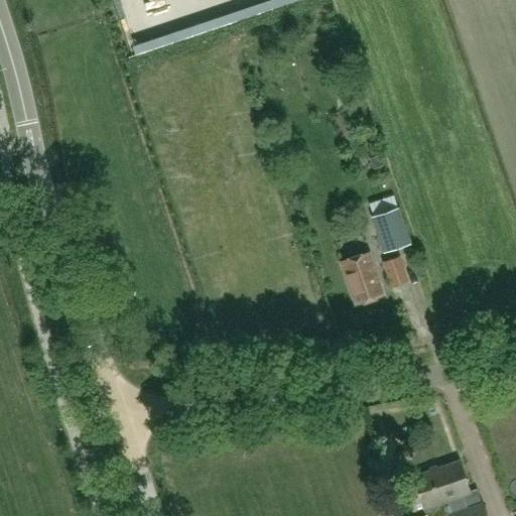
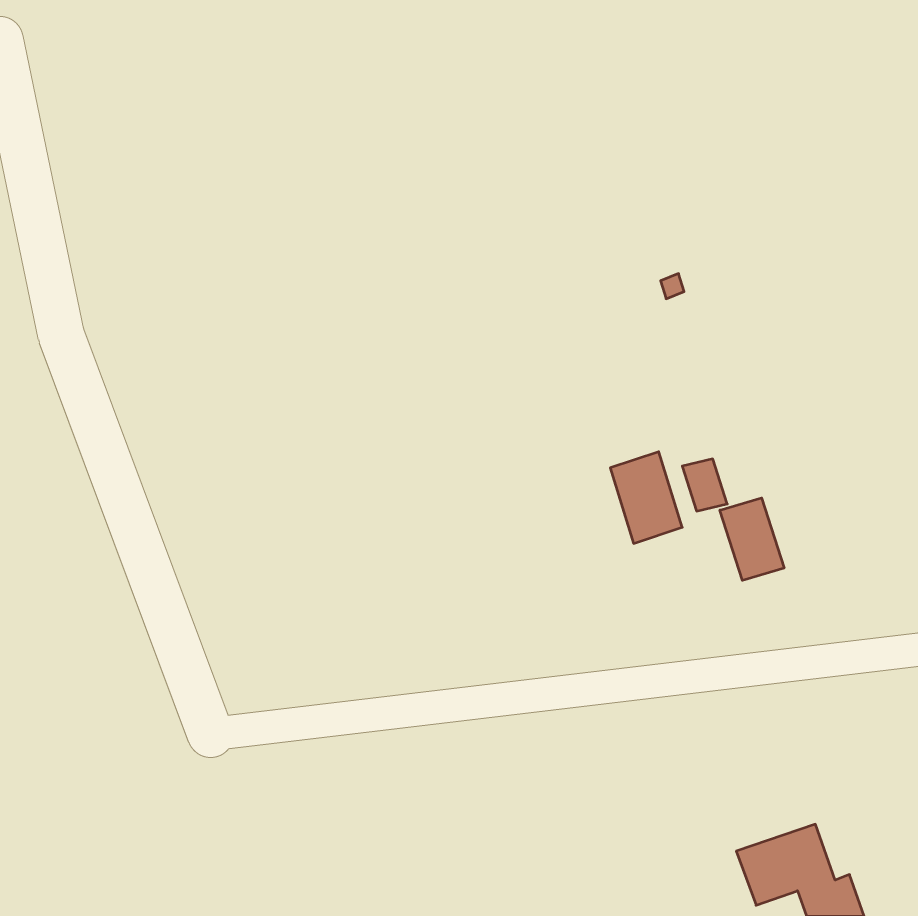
building: [373,207,411,250] -> none
building: none -> [720,498,784,580]

